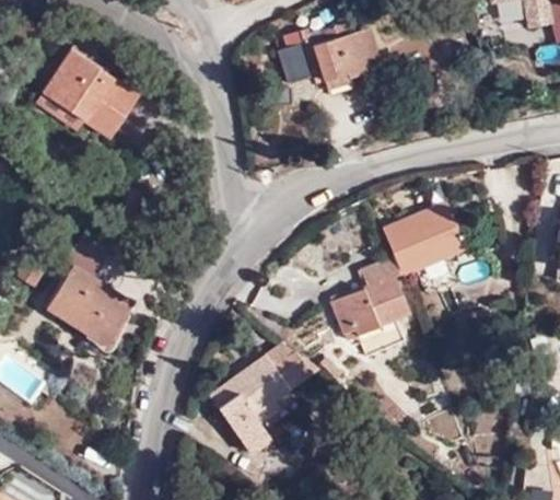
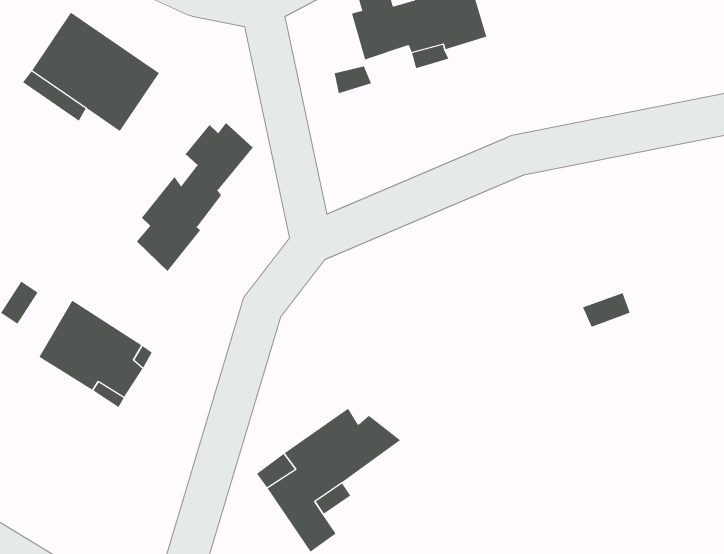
building: none -> [136,122,253,272]
building: [331,202,465,347] -> none

